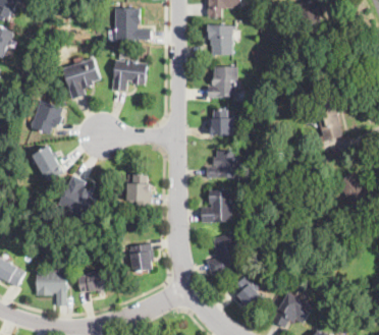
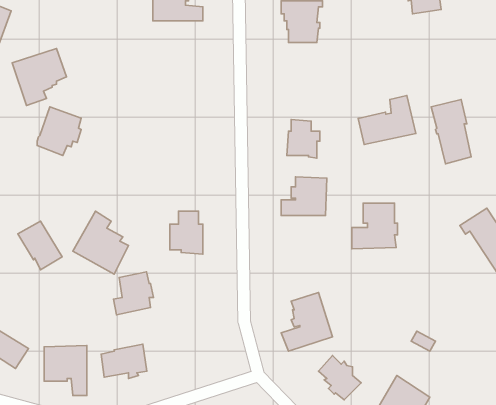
building: [61,58,100,99] -> [12,48,66,106]
building: [112,59,147,91] -> none
building: [207,65,236,97] -> none
building: none -> [358,96,416,144]
building: [33,147,64,181] -> [18,221,62,270]
building: [200,189,232,222] -> [352,203,397,249]
building: [125,242,154,273] -> [114,272,154,315]

